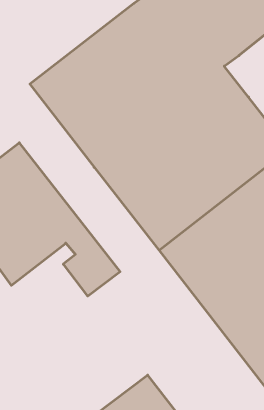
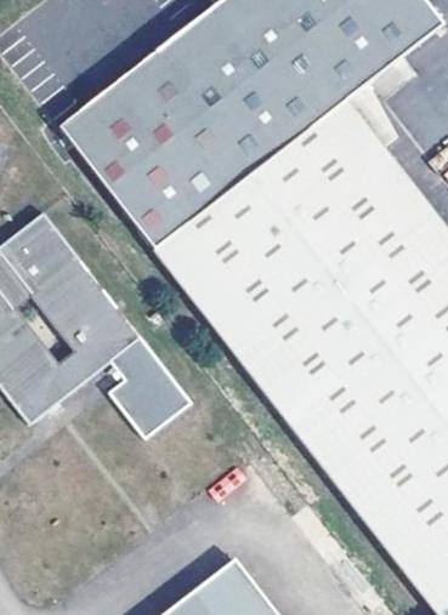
building: none -> [347,84,397,146]

